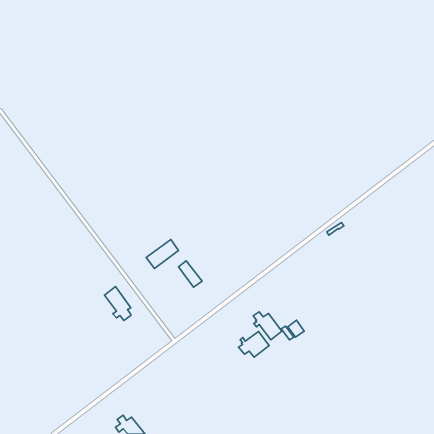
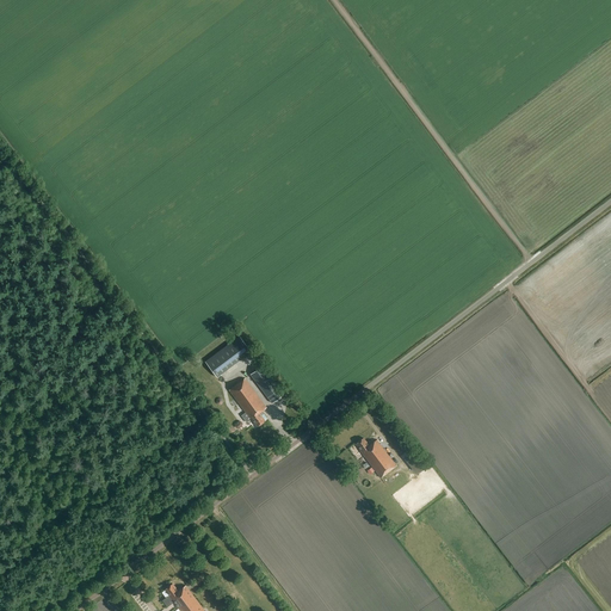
building: [104,287,131,320] -> [229,378,266,426]
building: [239,331,269,357] -> none

